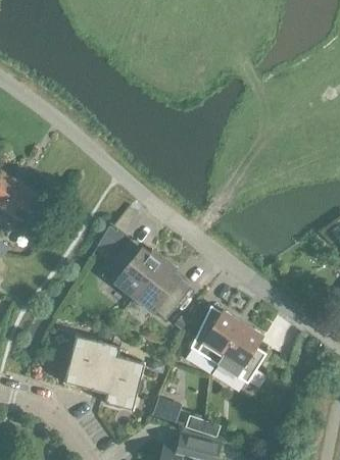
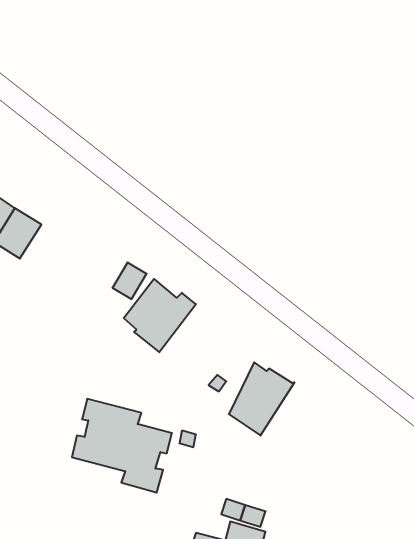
building: [134,259,191,319] -> none
building: [215,322,265,385] -> none
building: [151,397,181,424] -> none

